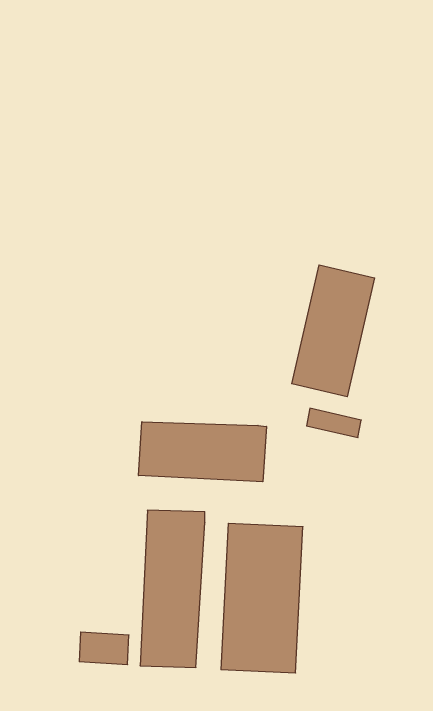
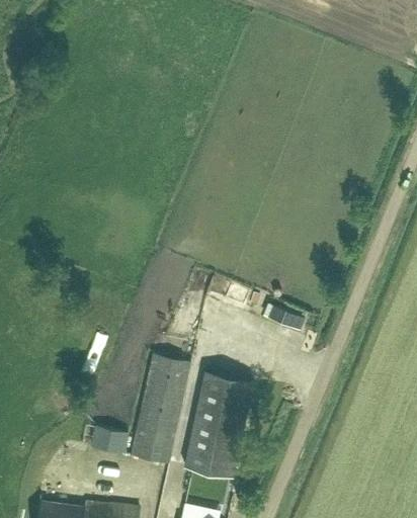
building: [292,265,375,397] -> none
building: [139,422,266,482] -> none

